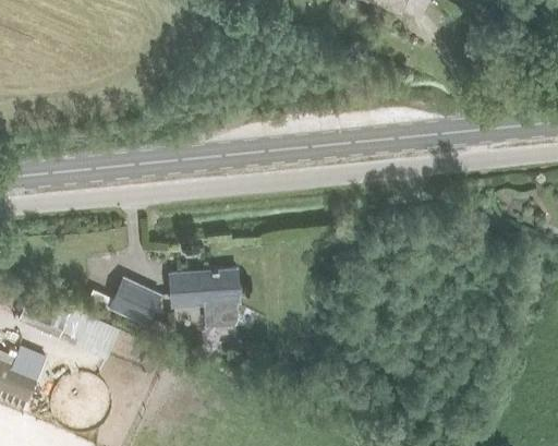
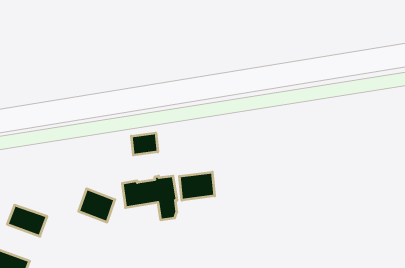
building: none -> [131,133,158,155]
building: none -> [179,172,215,200]

